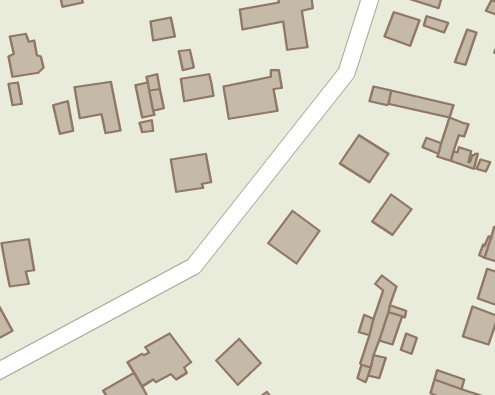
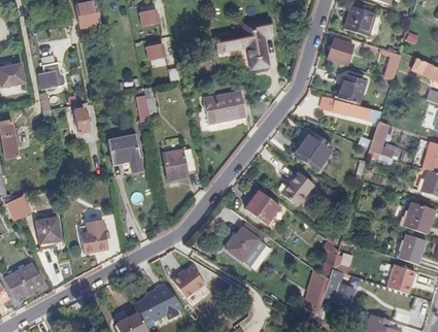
building: none -> [337,74,365,102]
building: [181,74,213,101] -> none
building: [74,82,120,133] -> [109,137,144,176]
building: [372,194,412,235] -> [282,174,312,205]
building: none -> [81,228,108,253]
building: none -> [226,228,259,261]
building: [216,339,261,385] -> [170,264,204,299]

